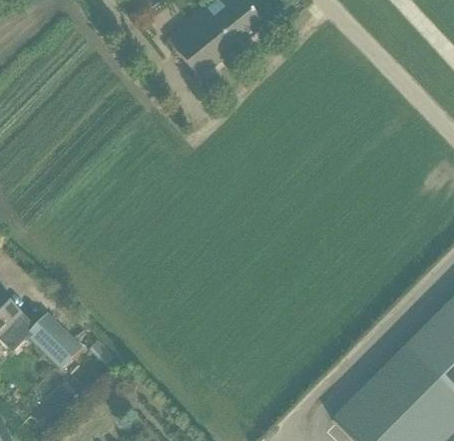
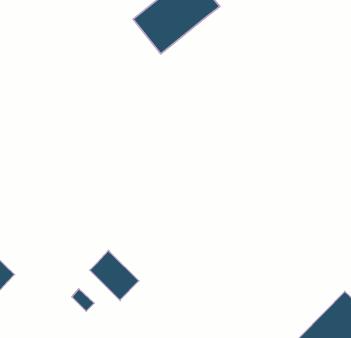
building: [27,312,82,368] -> [90,251,139,301]

